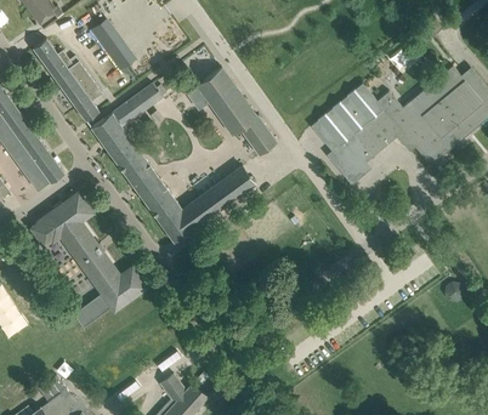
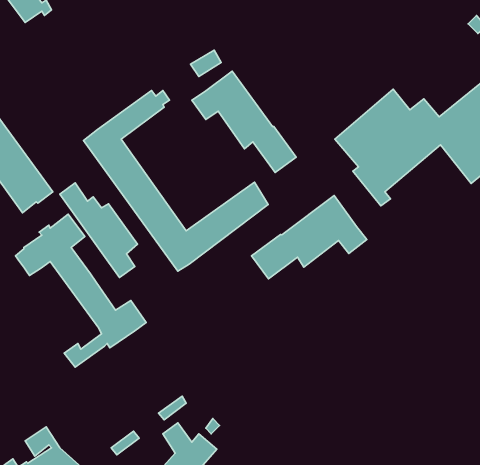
building: [90,17,136,69] -> none
building: [33,39,101,121] -> [60,183,138,277]
building: none -> [252,196,367,279]

